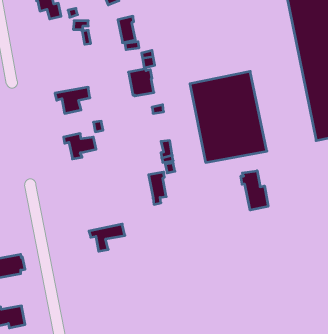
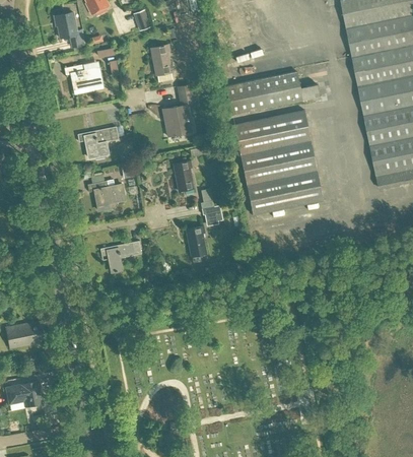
building: none -> [64,64,100,88]
building: none -> [225,72,320,115]
building: none -> [173,160,193,191]
building: [241,171,268,210] -> none
building: [89,224,125,251] -> [99,241,141,272]

